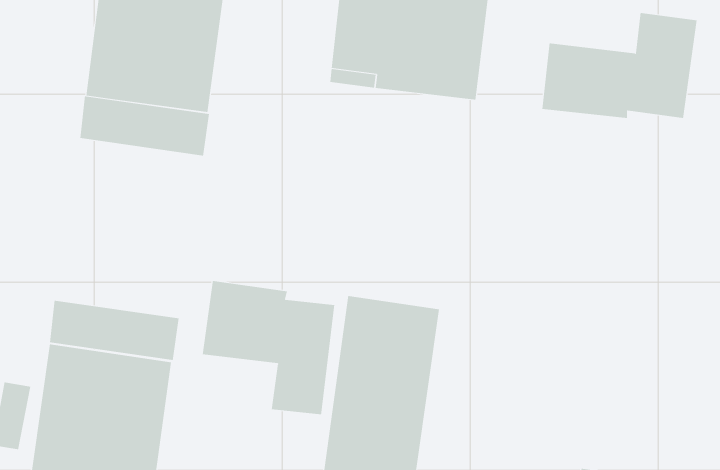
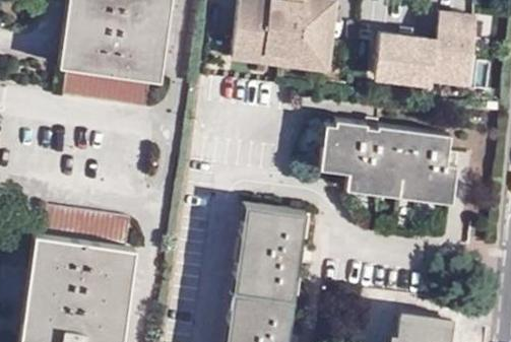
building: none -> [321,119,459,202]
building: [202,280,335,415] -> none

